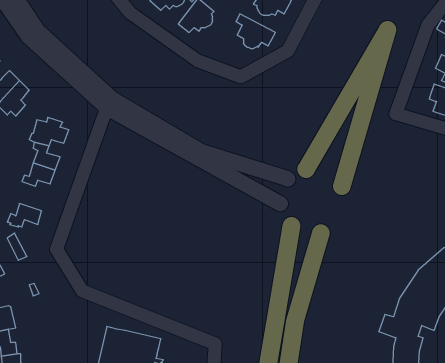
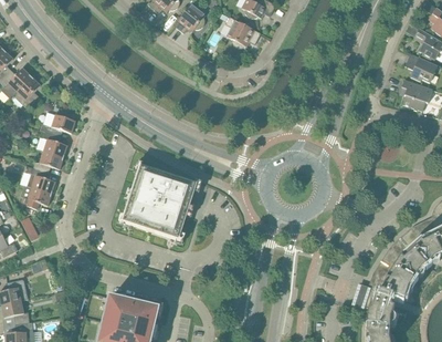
building: none -> [27,165,56,193]
building: none -> [123,165,196,238]

